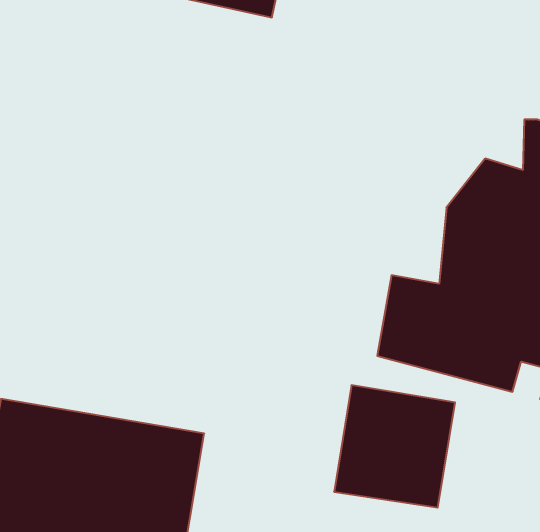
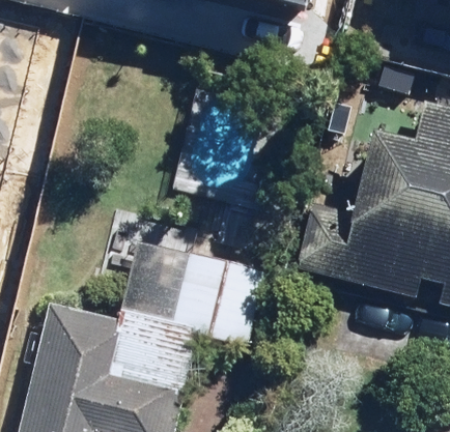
building: [334,385,455,508] -> [174,241,261,329]

